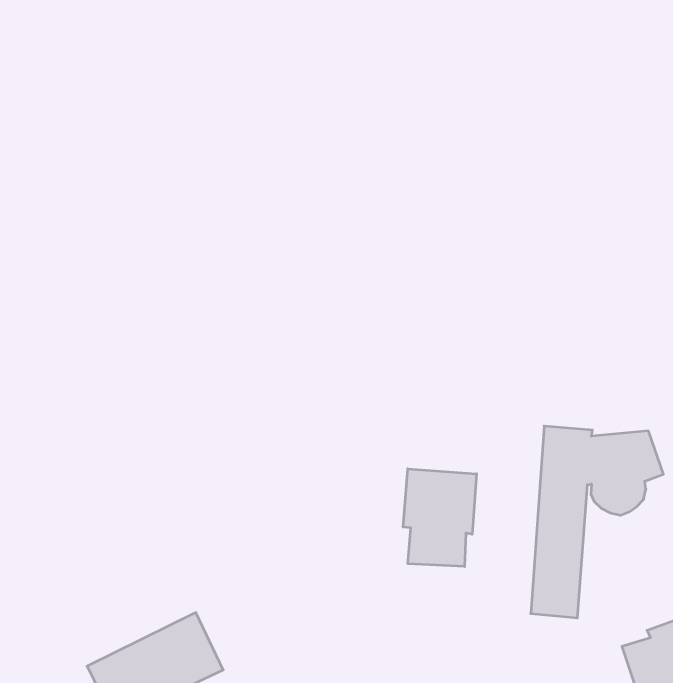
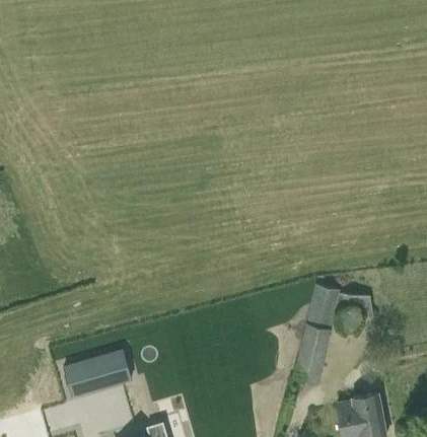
building: [403,469,477,567] -> none

